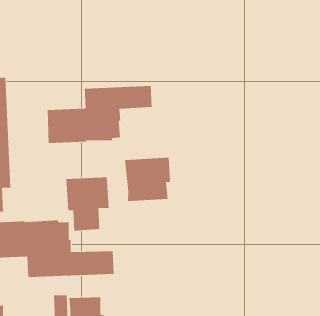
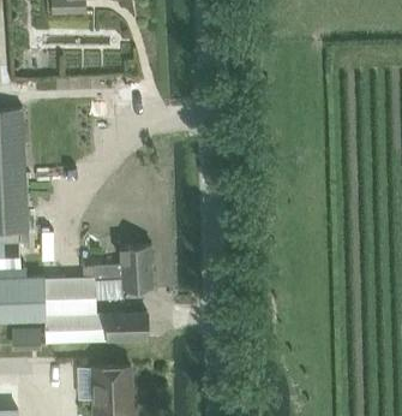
building: [47,85,152,144] -> none
building: [125,157,170,202] -> none

